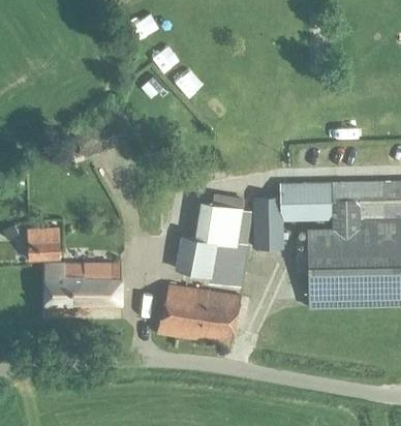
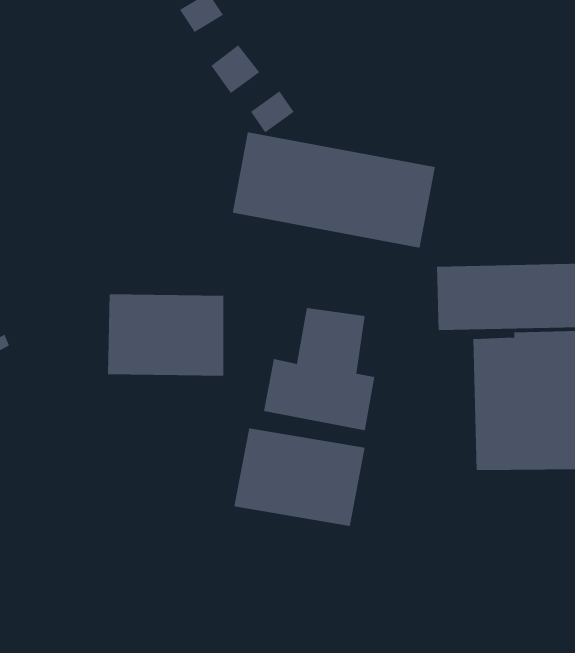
building: none -> [232,131,436,248]
building: [254,195,283,244] -> none
building: [28,226,59,256] -> none
building: [45,263,119,314] -> [107,294,224,376]

